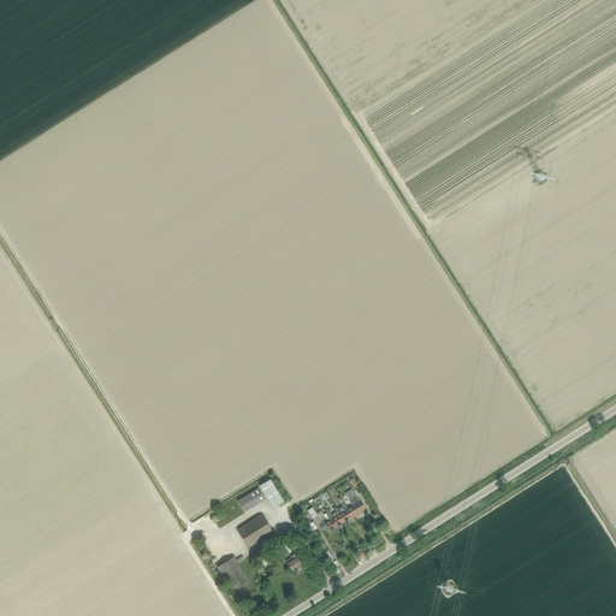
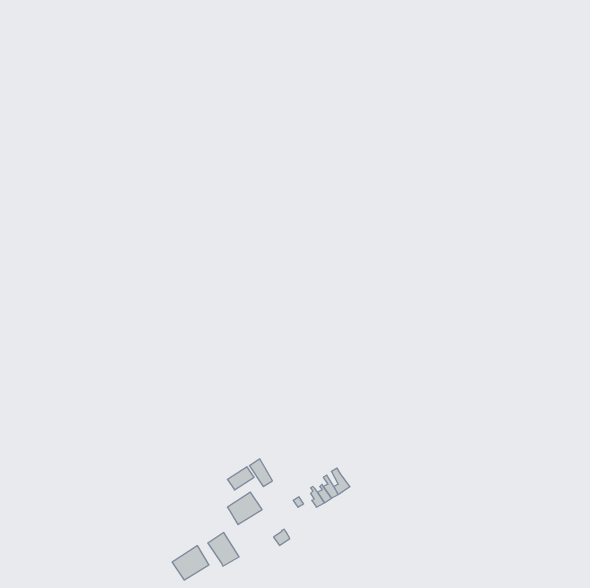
building: none -> [172,546,209,580]

